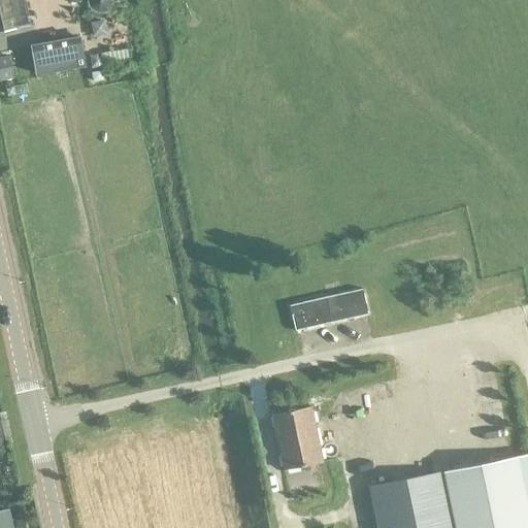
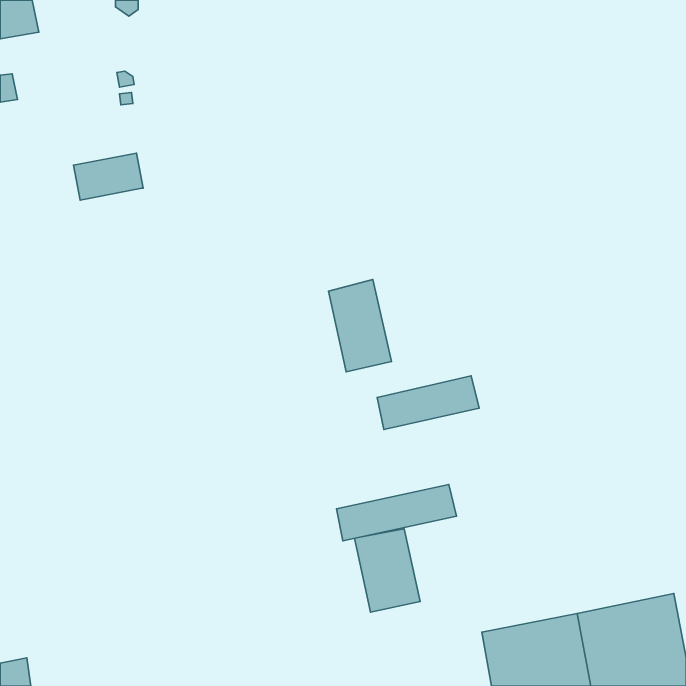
building: [31,37,85,73] -> [73,153,143,200]
building: none -> [328,279,391,372]
building: none -> [337,485,456,541]

